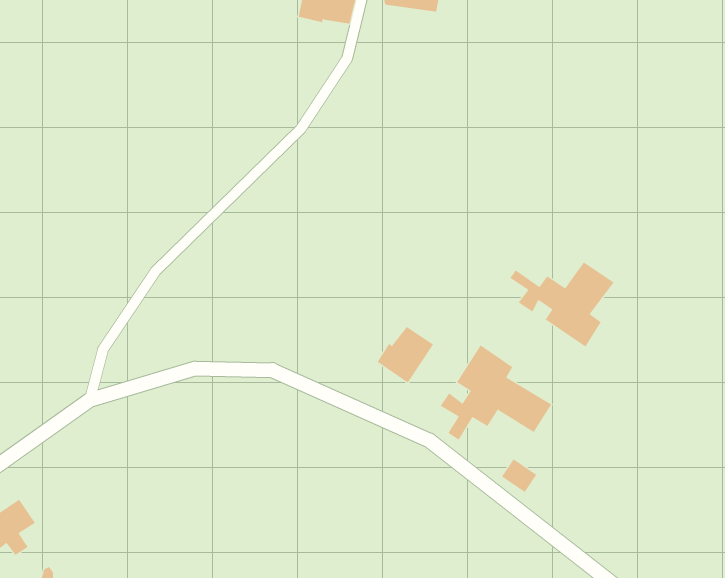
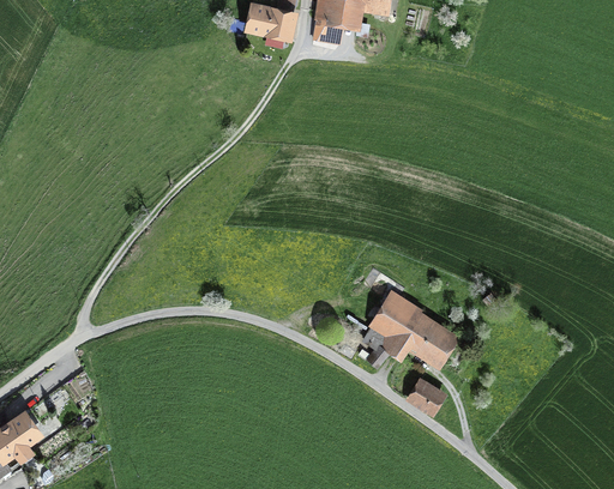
building: [509,261,614,347] -> none
building: [377,326,434,383] -> none

